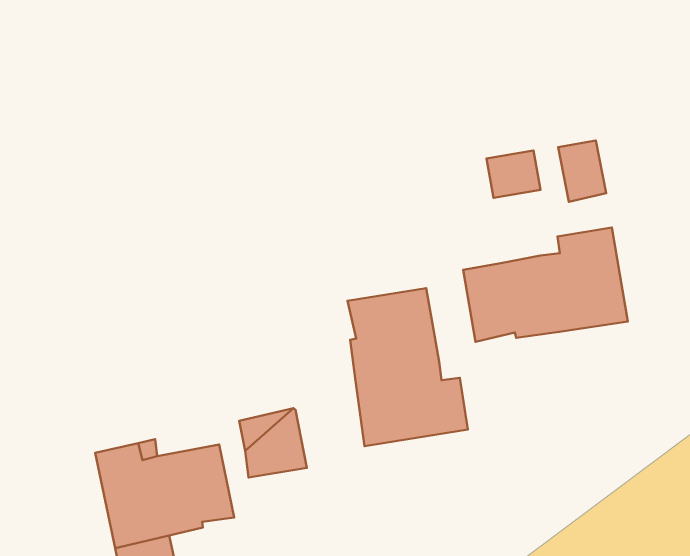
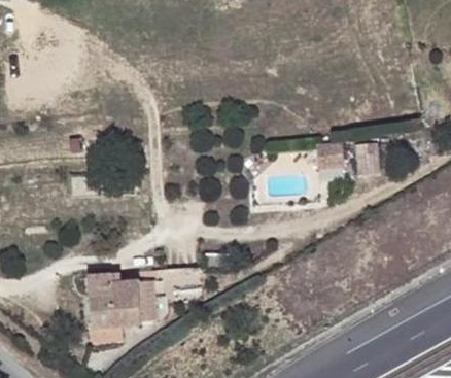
building: [463,228,628,342] -> none
building: [347,288,468,446] -> none

